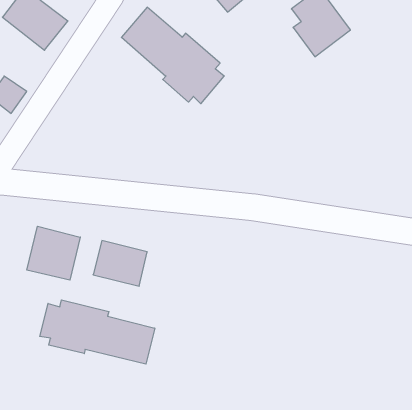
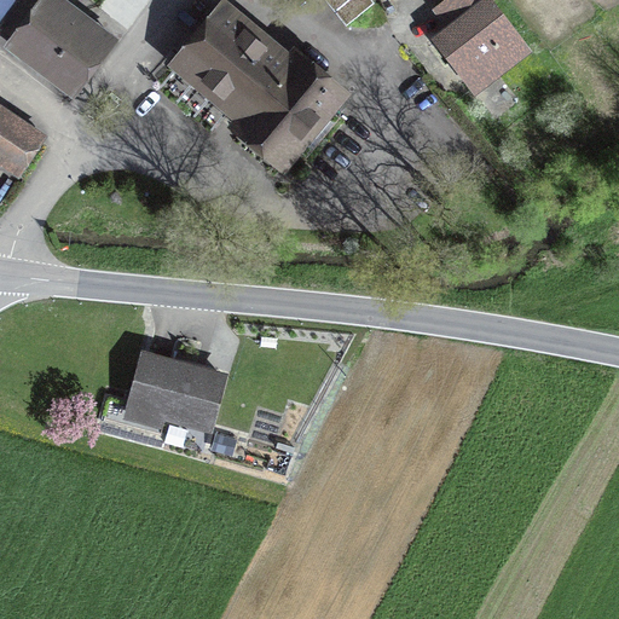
building: [27,226,80,280] -> none
building: [40,300,155,364] -> none

